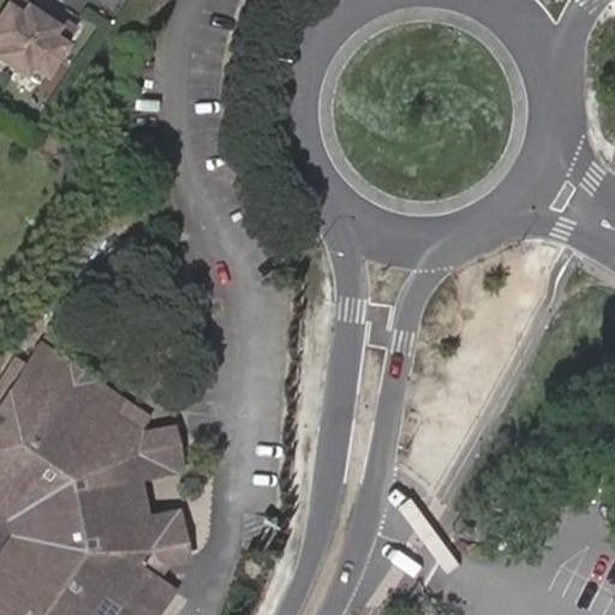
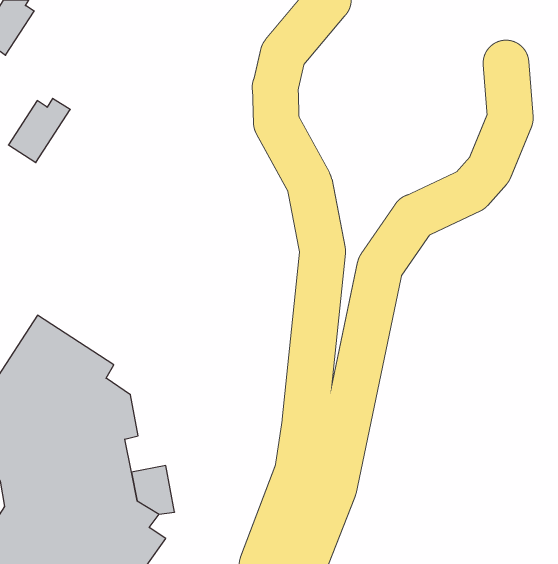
building: [6,11,73,80] -> [8,98,70,163]
building: [142,423,180,474] -> none

